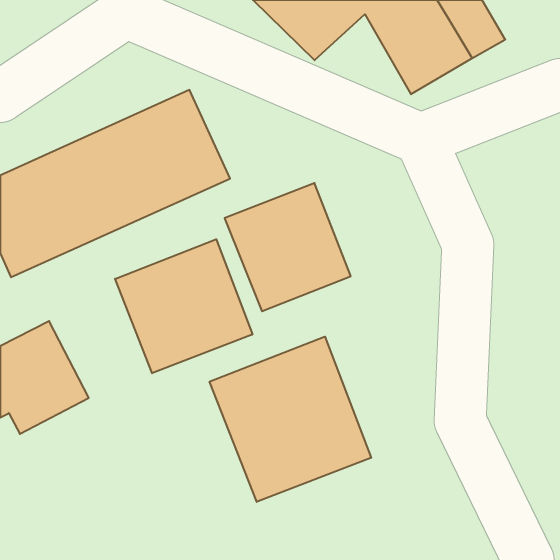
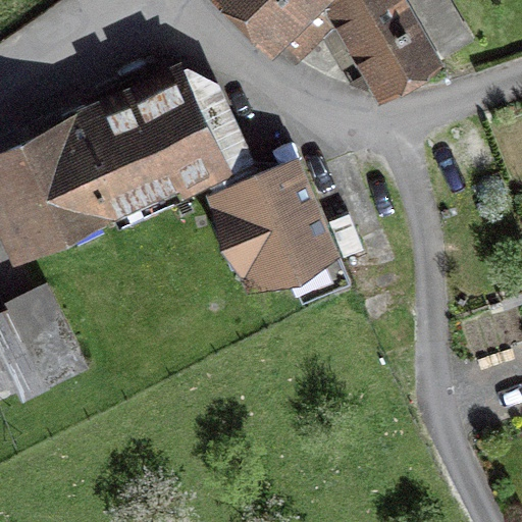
building: [115,239,252,373] -> none
building: [210,337,371,502] -> none

